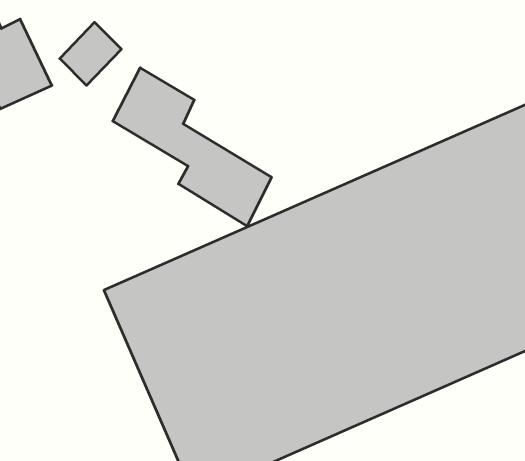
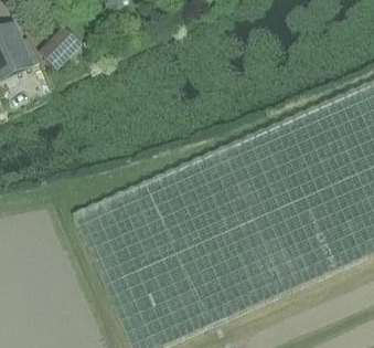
building: [113,68,271,226] -> none

